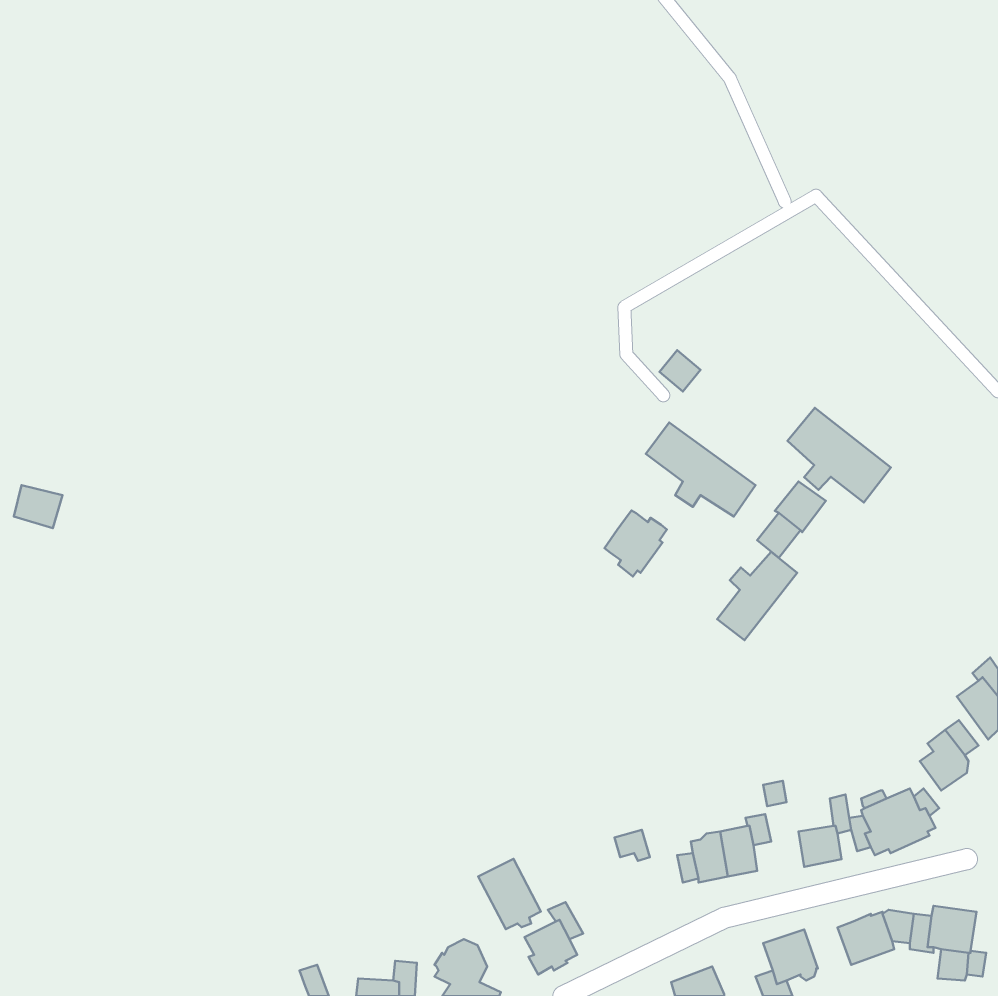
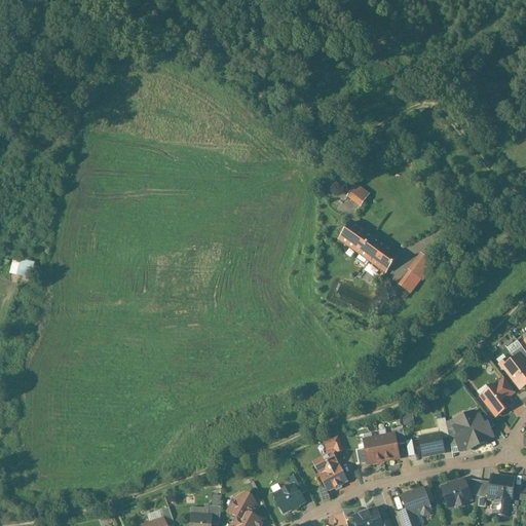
building: [788,408,891,503] -> none
building: [605,510,667,576] -> none
building: [717,552,797,640] -> none
building: [478,859,541,929] -> [312,453,345,490]

